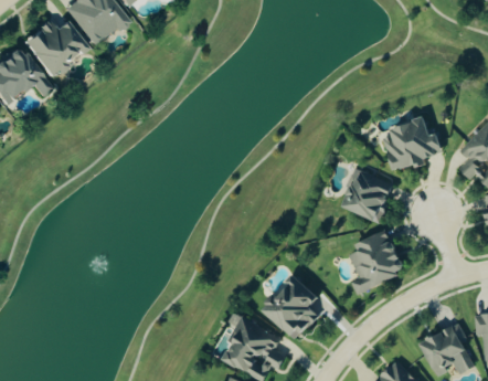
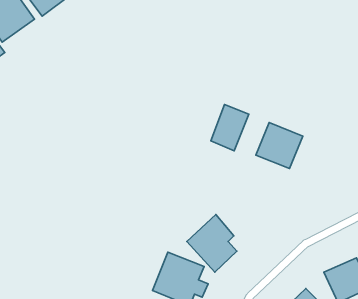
building: [381,117,443,170] -> none
building: none -> [211,104,249,151]
building: [348,230,406,294] -> none

